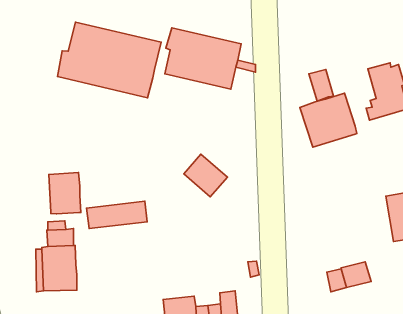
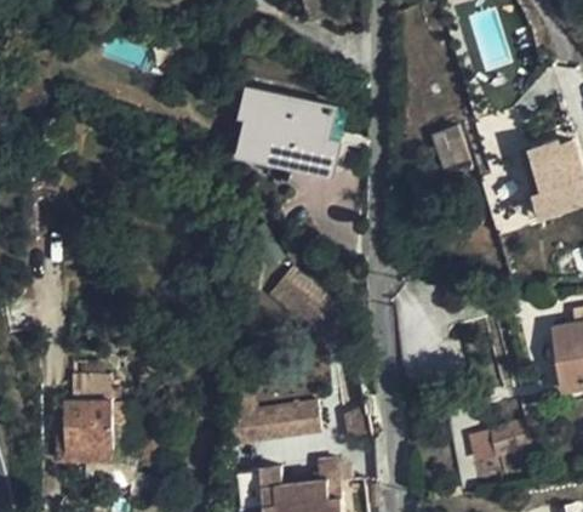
building: [58,22,161,98] -> none
building: [300,93,357,147] -> none
building: [49,172,81,214] -> none
building: [87,201,147,229] -> [232,405,318,444]

